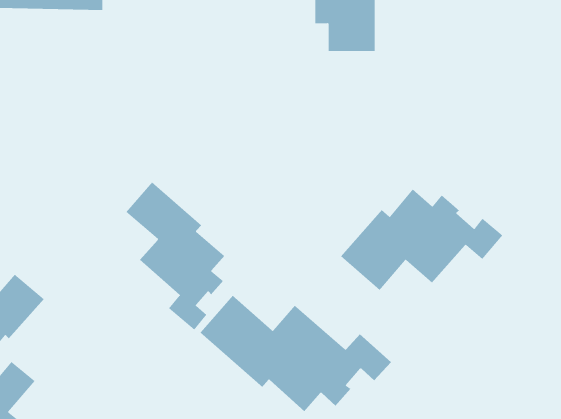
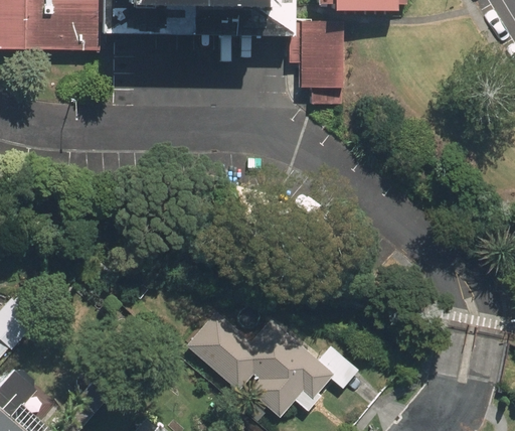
building: [126,181,225,331] -> none
building: [340,189,503,291] -> none

